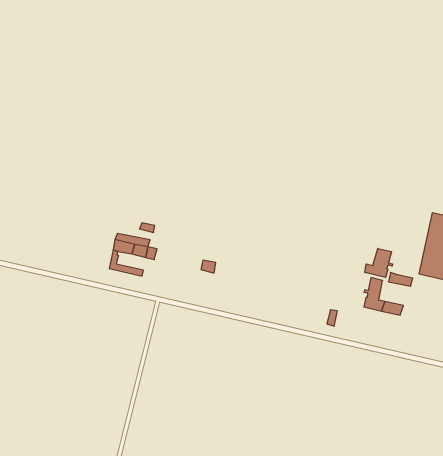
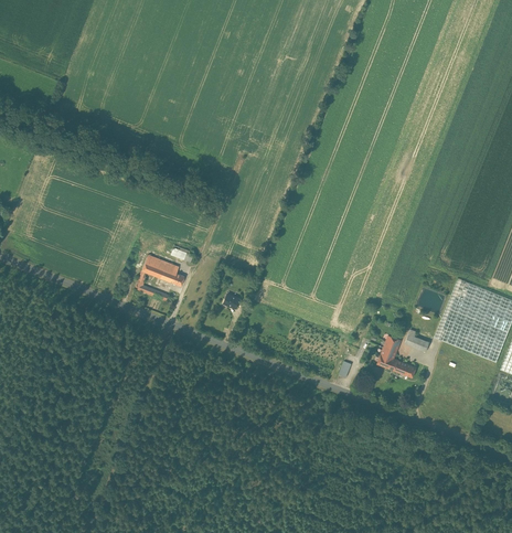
building: [365,248,392,277] -> none

